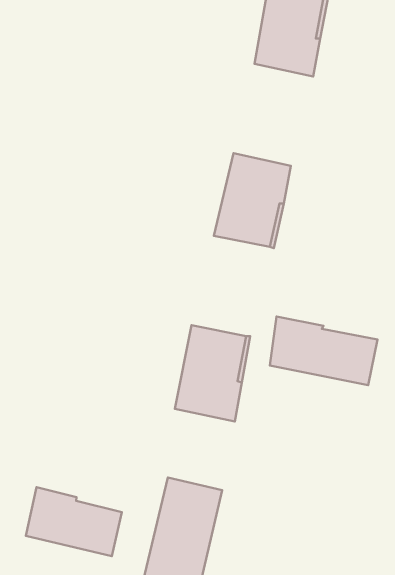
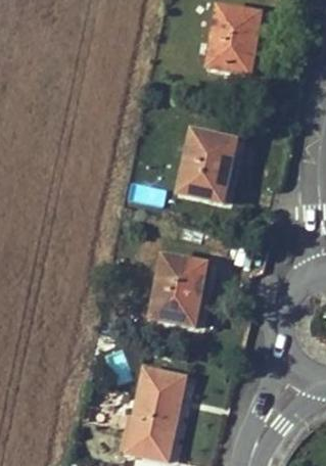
building: [270,317,377,385] -> none
building: [26,487,122,556] -> none

